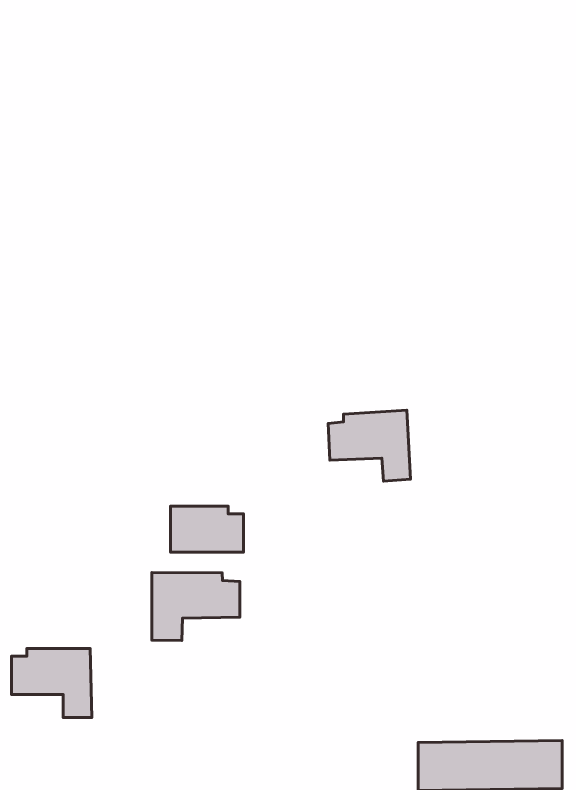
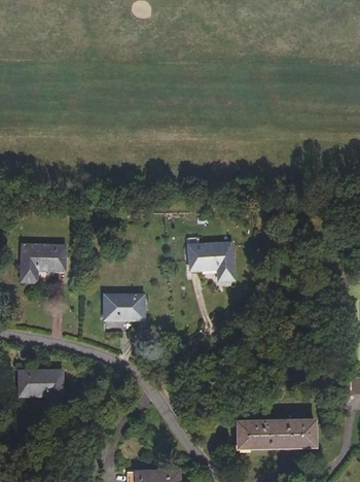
building: none -> [22,243,66,281]
building: [152,573,240,641] -> none

